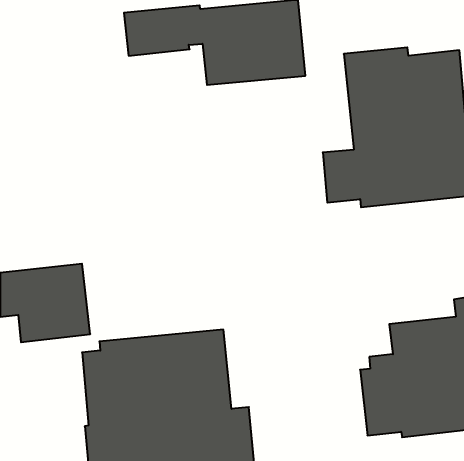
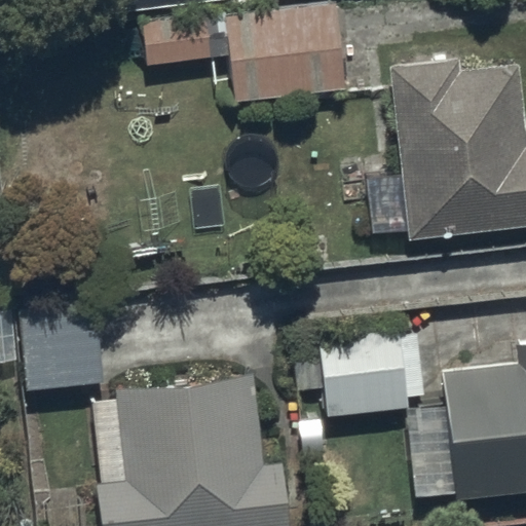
building: none -> [320,334,409,417]

